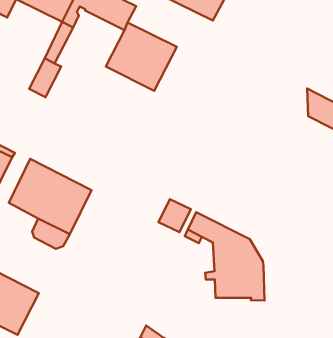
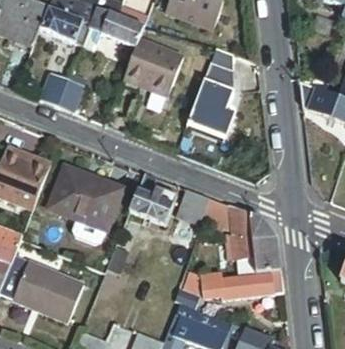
building: none -> [188,46,233,135]
building: none -> [129,172,177,224]
building: none -> [186,269,282,298]

